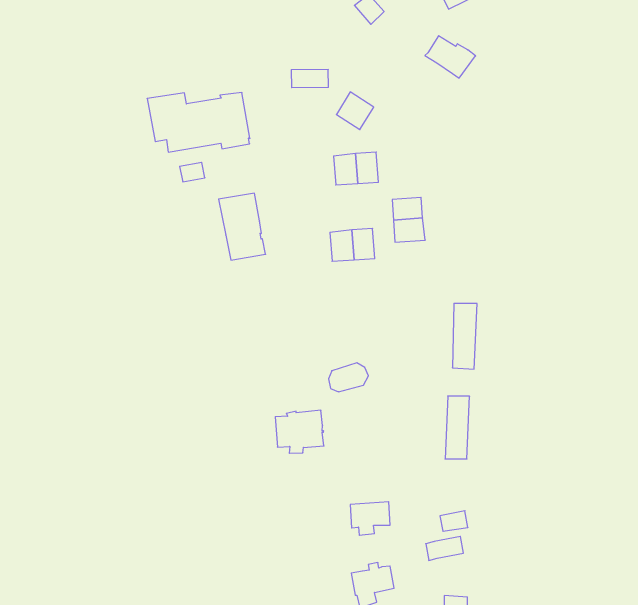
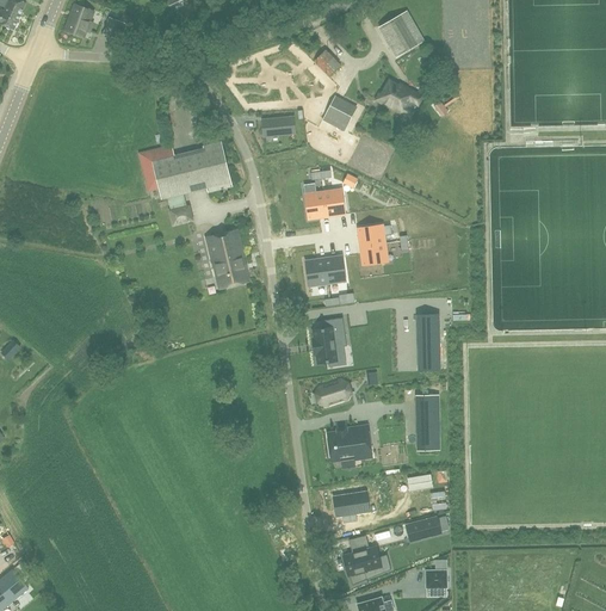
building: [336,92,374,130] -> [322,98,354,130]
building: none -> [311,317,346,363]
building: [275,410,324,453] -> [327,425,371,464]

